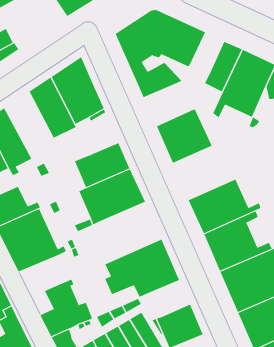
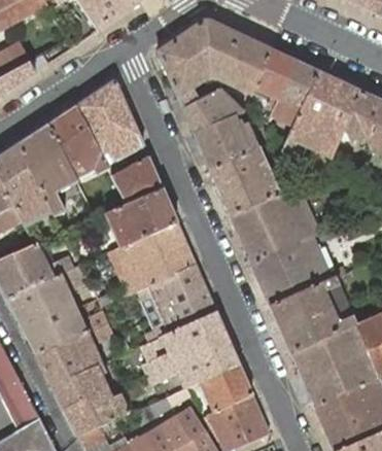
building: none -> [253,48,296,101]
building: none -> [194,113,257,168]
building: none -> [18,124,78,216]
building: none -> [112,155,163,204]
building: none -> [231,184,320,262]
building: none -> [138,264,217,341]
building: none -> [35,331,103,408]
building: none -> [203,363,253,410]

